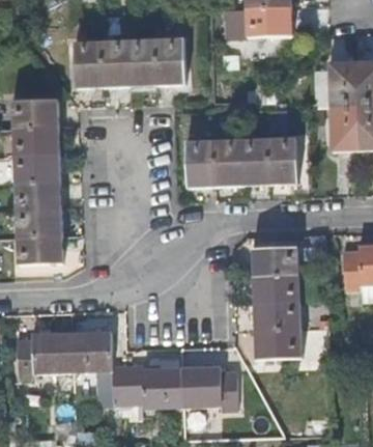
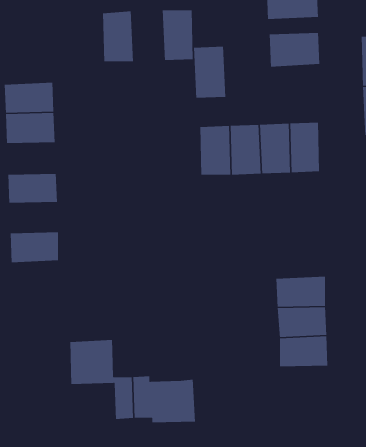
building: [126,38,155,85] -> [193,46,226,99]
building: [73,41,102,86] -> none
building: none -> [269,32,320,68]
building: [16,157,60,185] -> none
building: [18,209,62,236] -> none
building: [253,250,298,277] -> none
building: [23,333,73,378] -> none
building: [181,364,238,407] -> none

